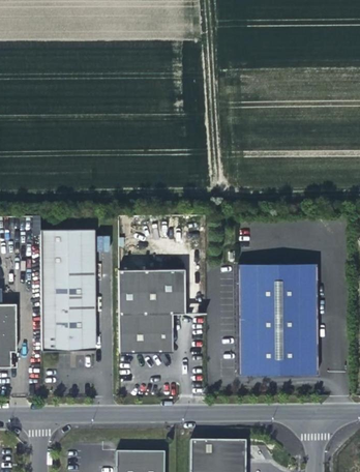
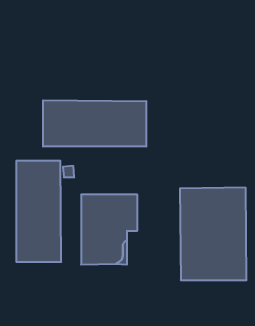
building: none -> [43,100,146,147]

